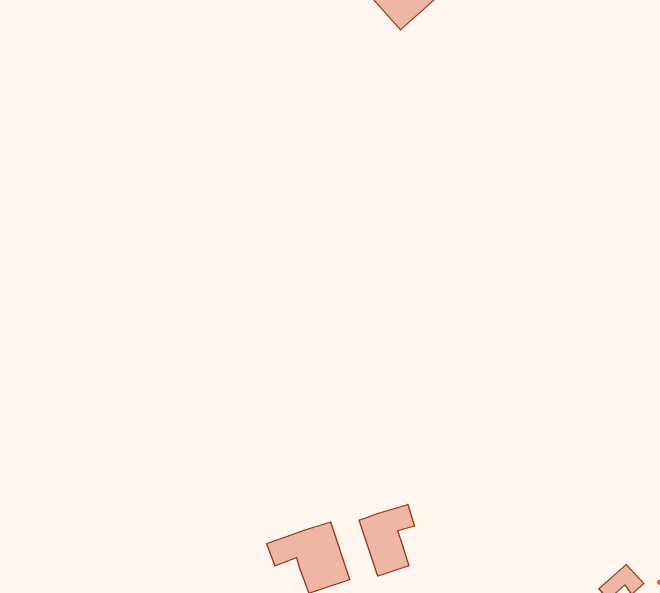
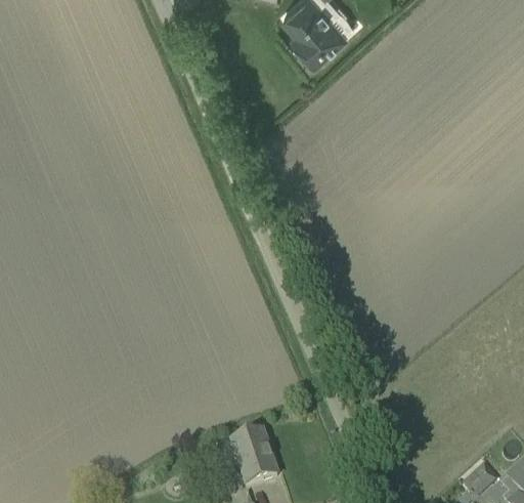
building: [359,504,414,576] -> none

